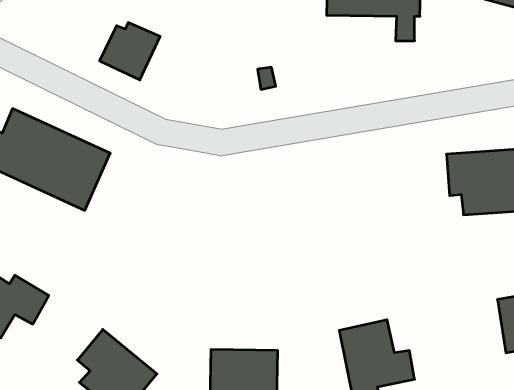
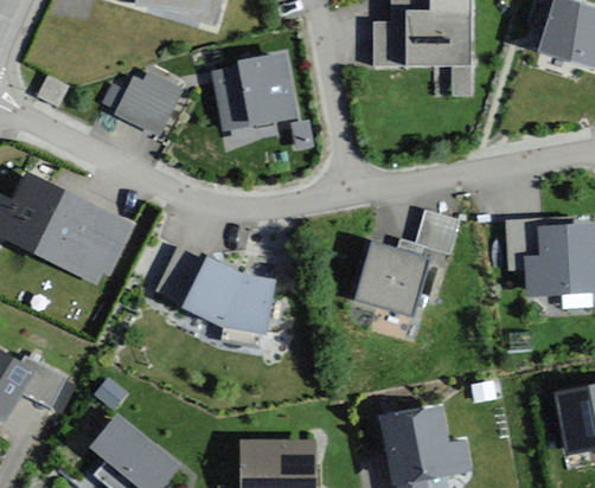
building: none -> [217,59,306,136]
building: none -> [418,211,460,251]
building: none -> [358,242,424,334]
building: none -> [154,244,280,333]

